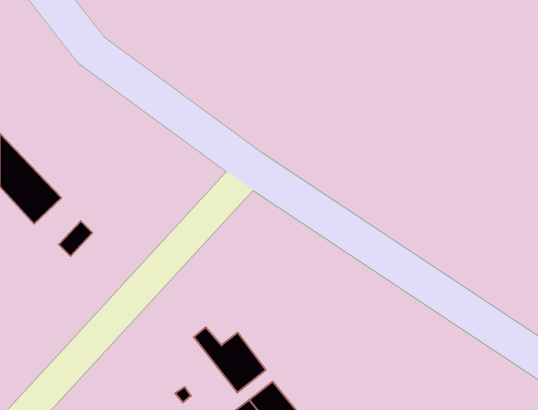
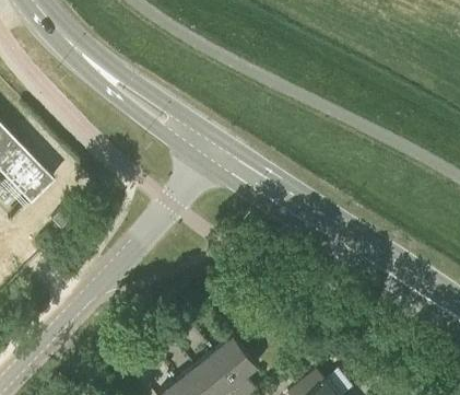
building: [194,327,266,393] -> none

